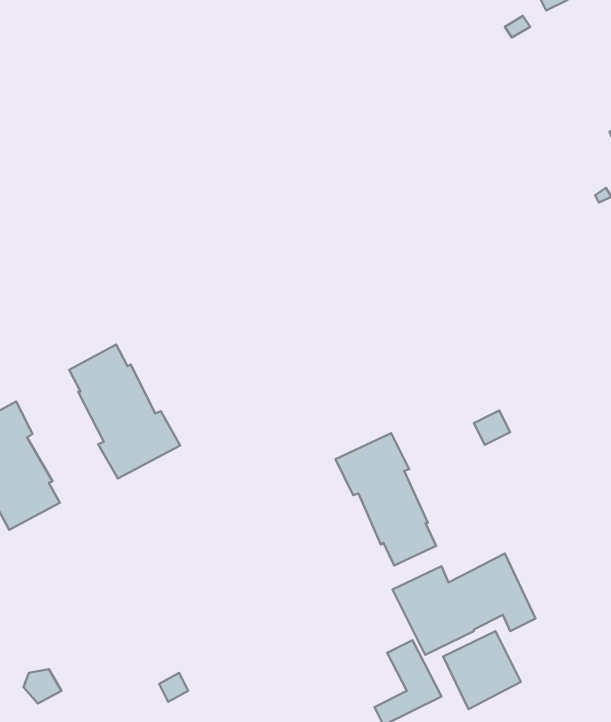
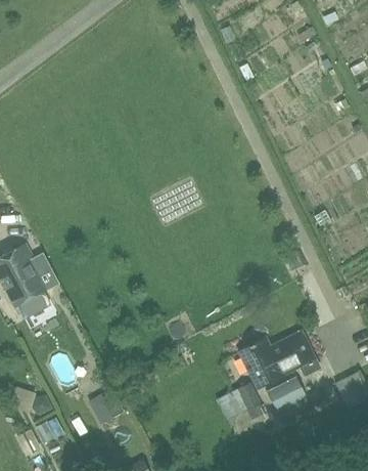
building: [69,344,180,479] -> none
building: [335,433,436,566] -> none

